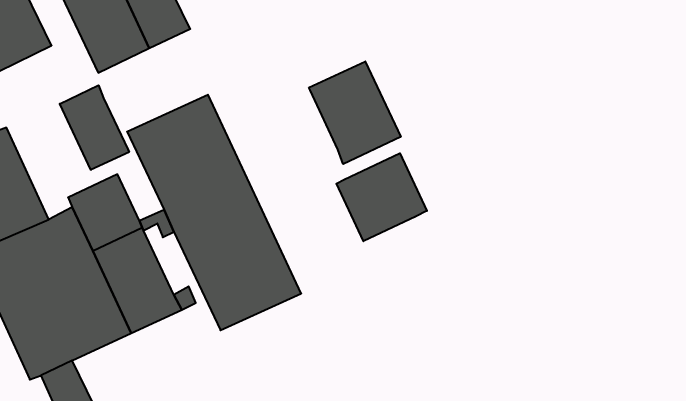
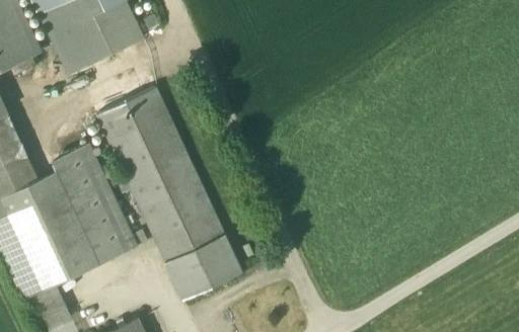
building: [309,61,401,164] -> none
building: [60,85,129,170] -> none
building: [336,153,427,241] -> none
building: none -> [164,234,242,300]

